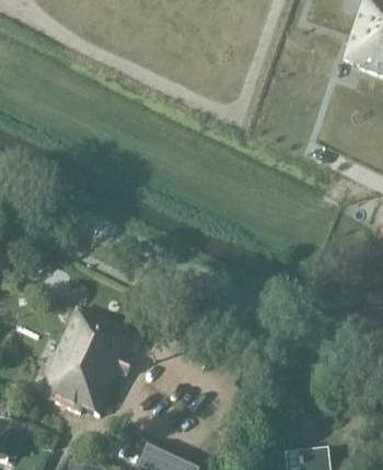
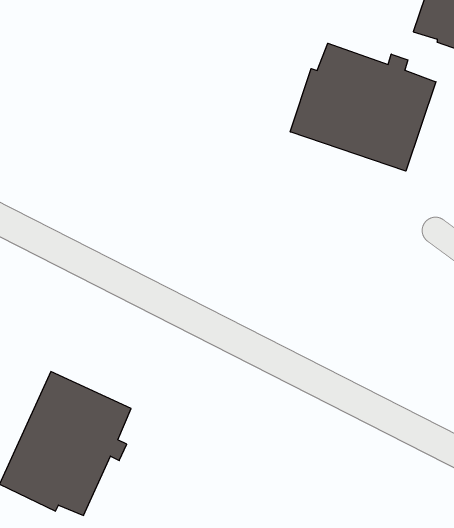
building: none -> [290,43,436,171]

